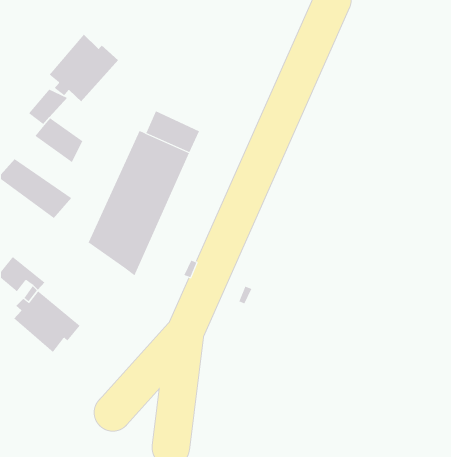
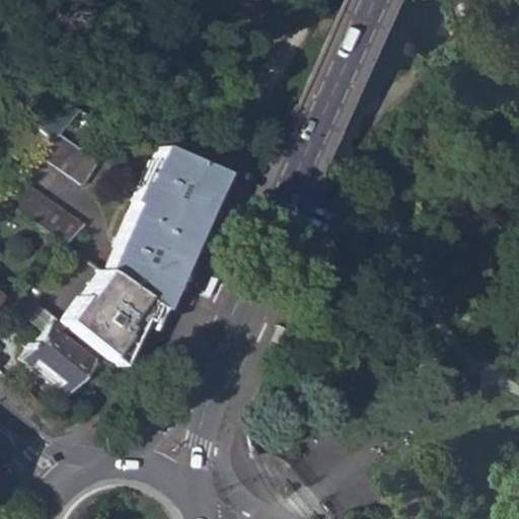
building: [49,34,119,102] -> none
building: none -> [68,275,163,373]

